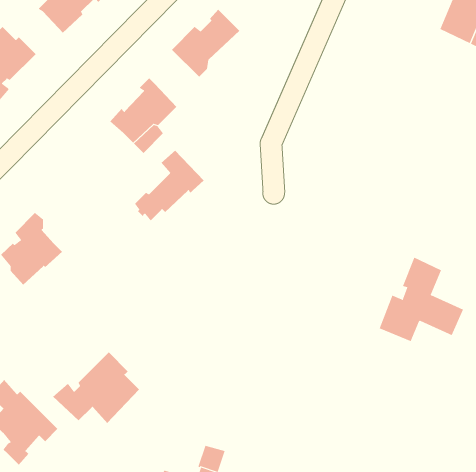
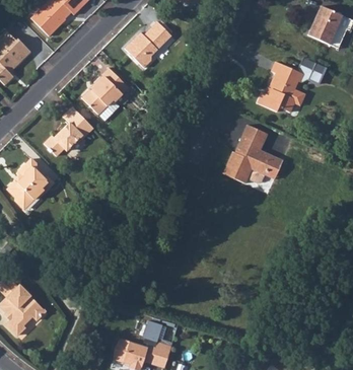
building: none -> [259,62,304,112]
building: [134,150,205,222] -> [44,106,92,156]
building: [379,257,464,342] -> [224,124,283,182]
building: [52,352,140,424] -> none

